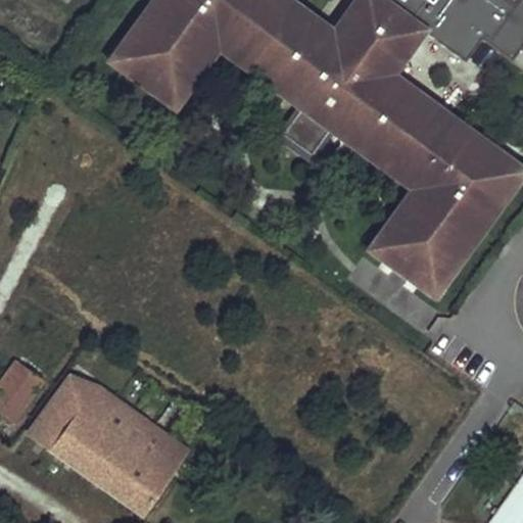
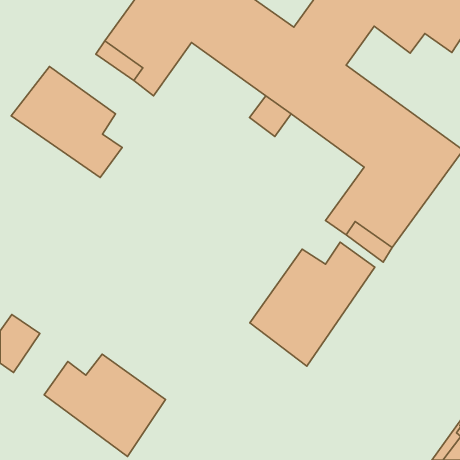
building: none -> [11,67,122,178]
building: none -> [250,242,375,366]
building: [32,376,117,446] -> none

